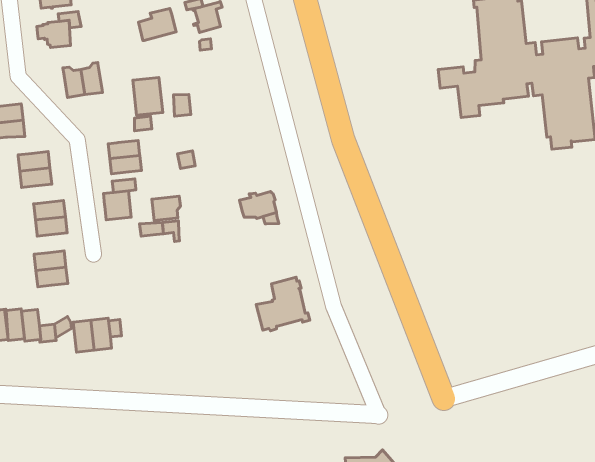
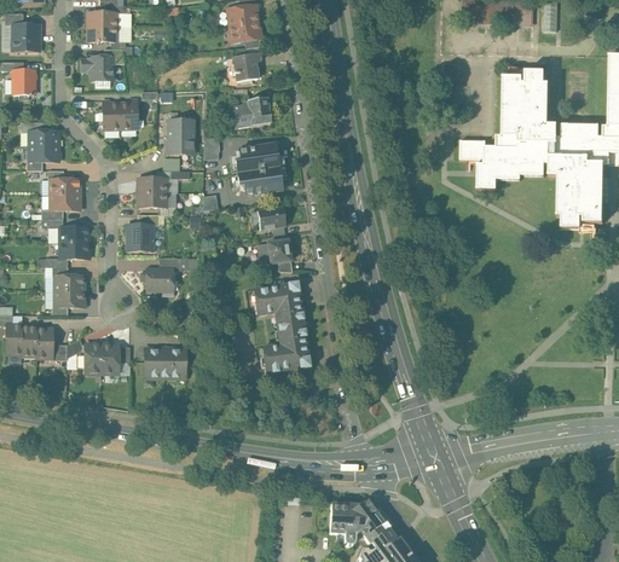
building: [138,9,176,41] -> [235,99,270,127]
building: none -> [235,141,284,197]
building: none -> [253,207,287,230]
building: [152,196,180,220] -> [147,270,174,290]
building: none -> [254,282,305,329]
building: none -> [145,346,186,378]

